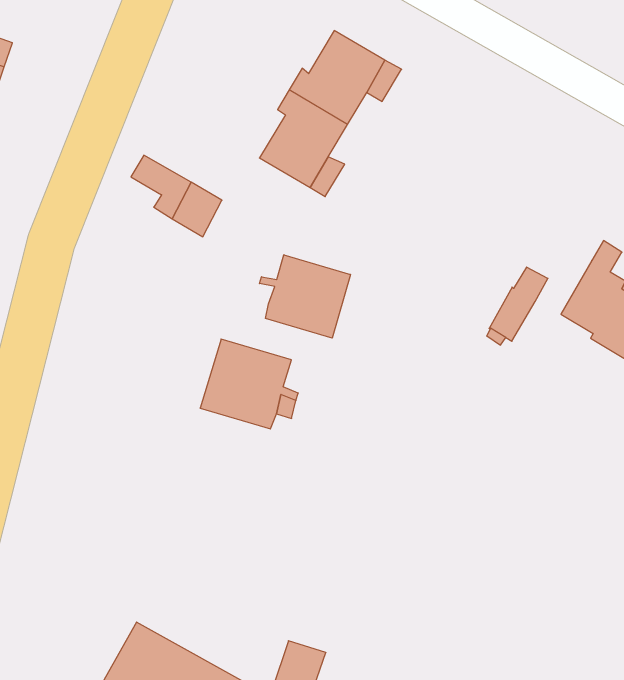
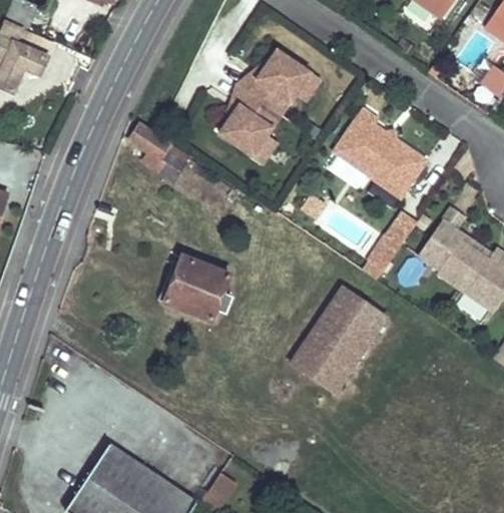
building: none -> [333,108,425,196]
building: [260,255,350,338] -> none
building: none -> [290,287,385,392]

